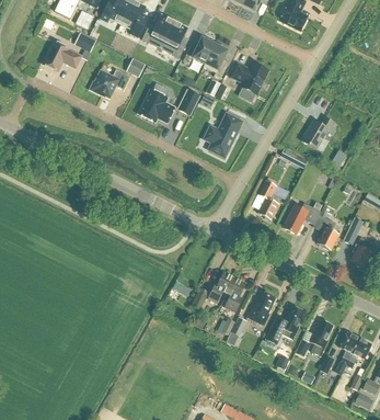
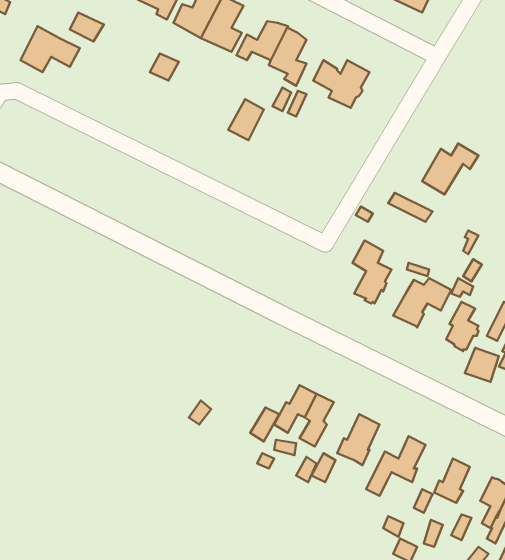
building: [89,68,129,98] -> none
building: [138,88,175,121] -> none
building: [204,112,242,157] -> none

